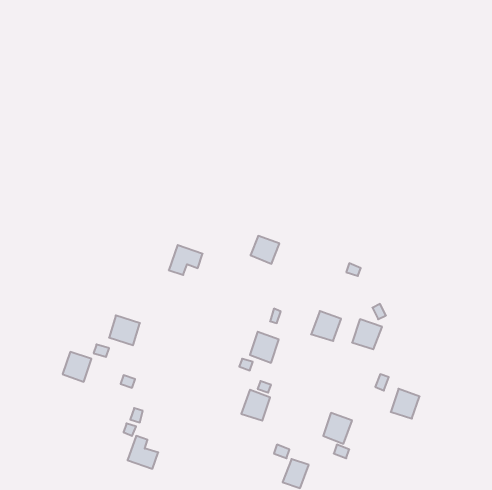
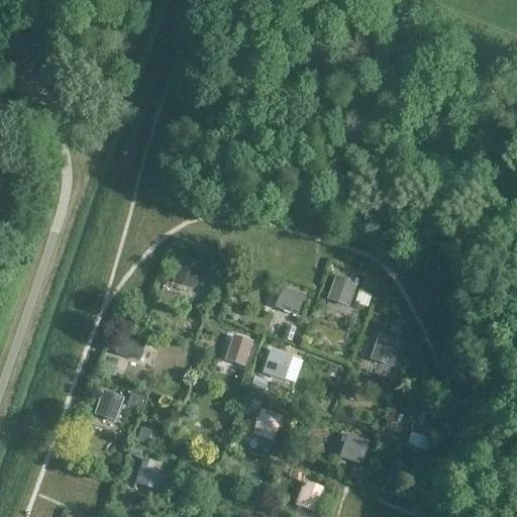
building: [250,236,279,264] -> [274,286,304,315]
building: [311,311,341,341] -> [325,275,356,306]
building: none -> [225,334,253,366]
building: [63,352,91,382] -> [93,390,123,421]

